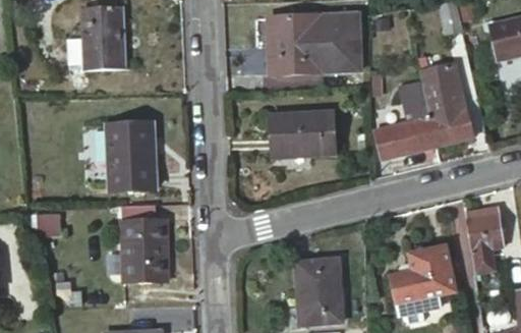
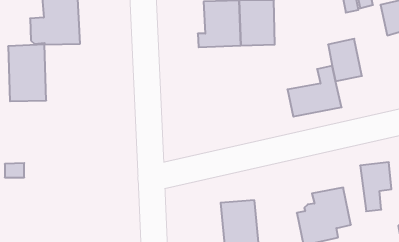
building: [436,107,475,146] -> none
building: [272,113,336,158] -> none
building: [108,121,154,189] -> [8,45,46,101]
building: [123,205,168,282] -> none

